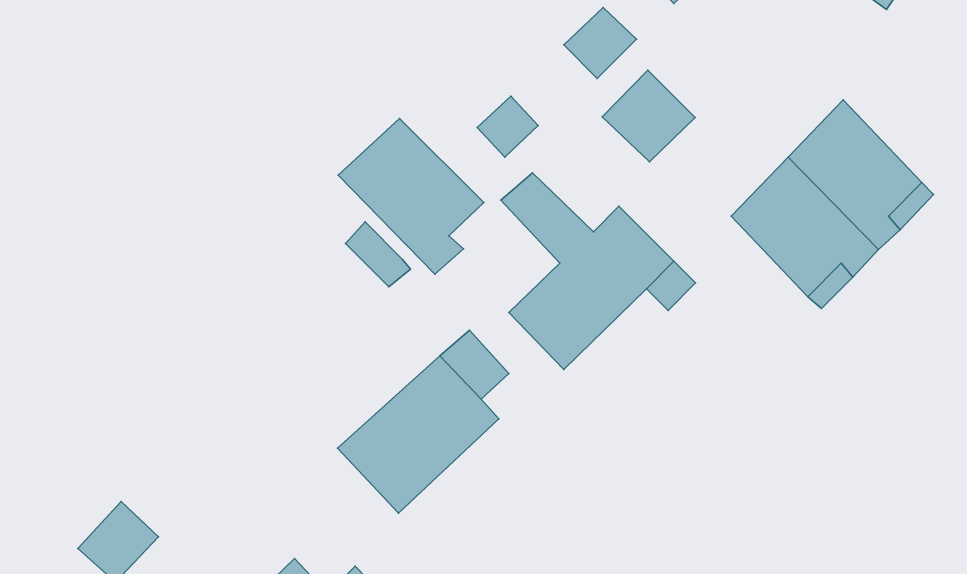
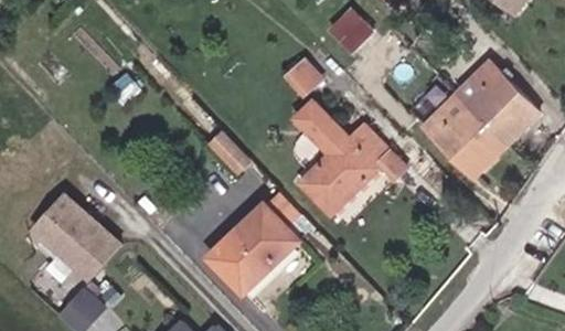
building: [602,70,695,162] -> none
building: [338,119,484,274] -> none
building: none -> [32,193,120,279]

